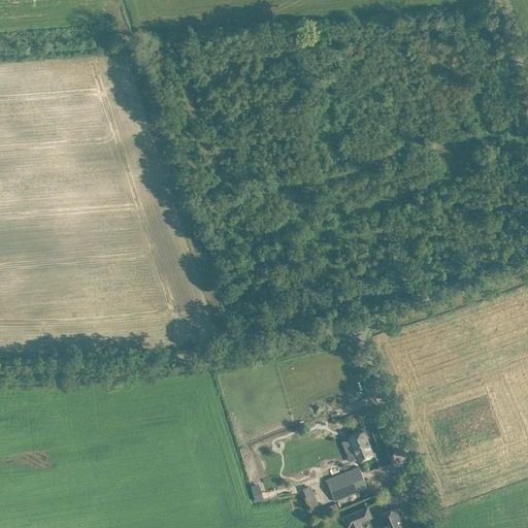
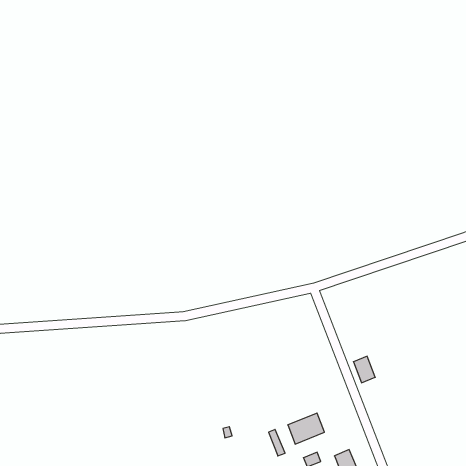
building: [348,432,372,462] -> [353,356,375,383]

